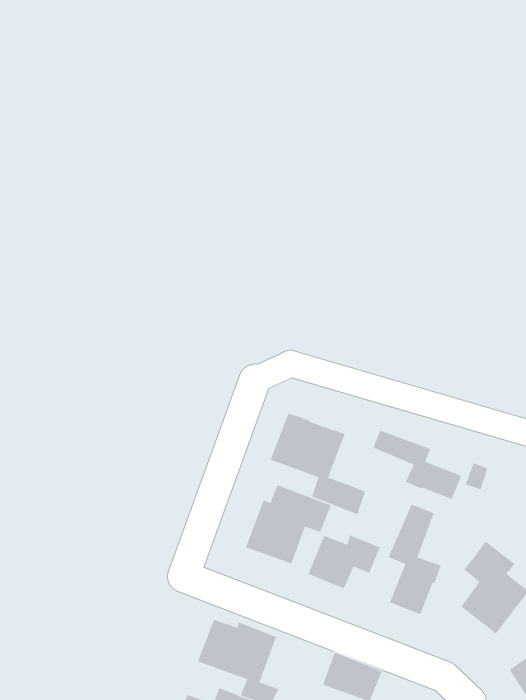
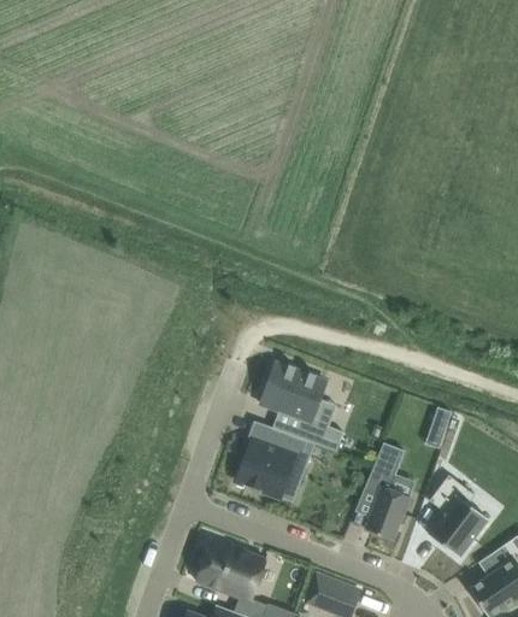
building: [373,430,462,500] -> none
building: [308,535,381,589] -> none

